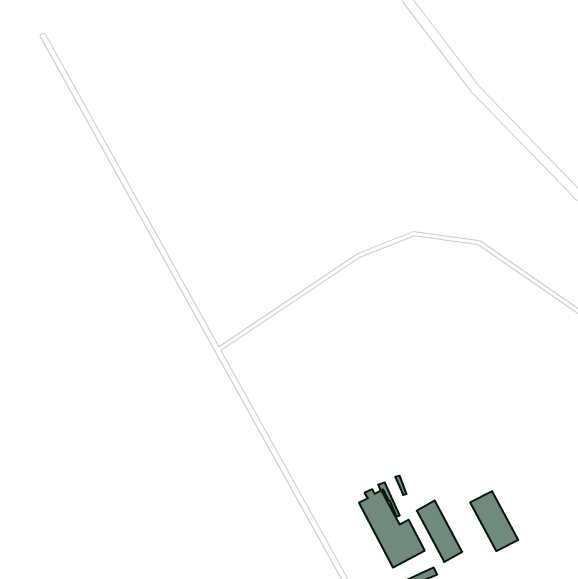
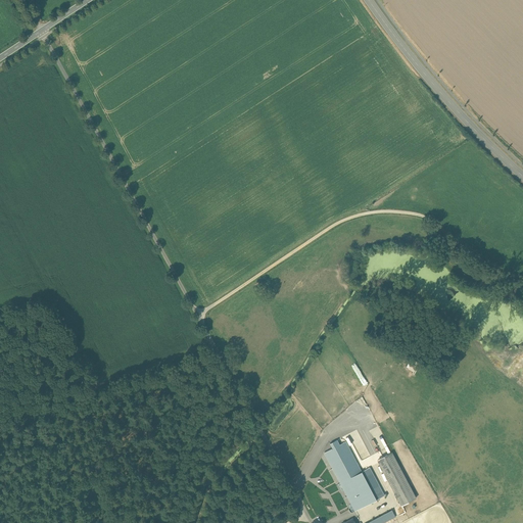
building: [470,491,518,551] -> none

